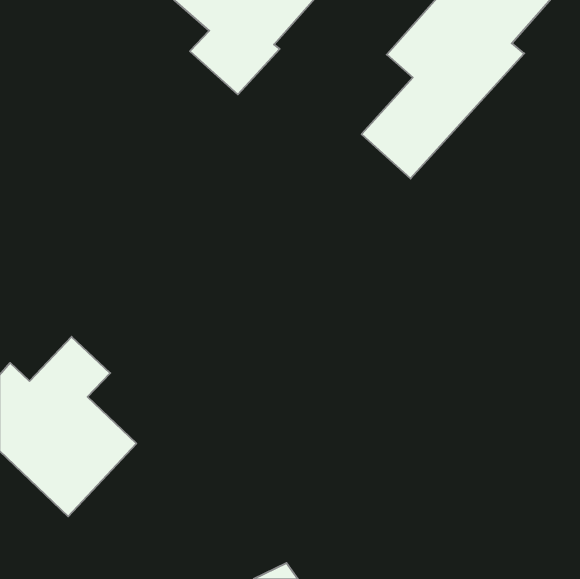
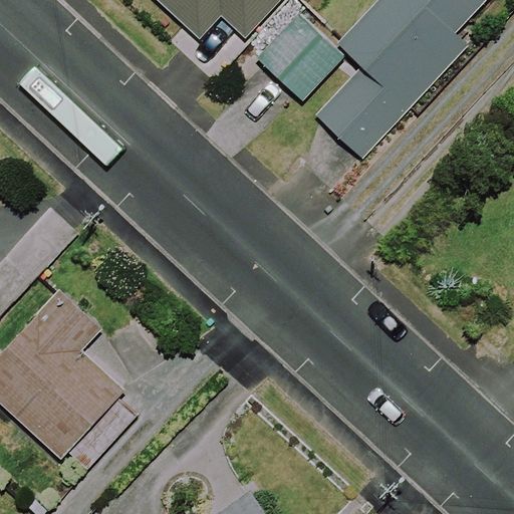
building: none -> [256,14,340,98]

